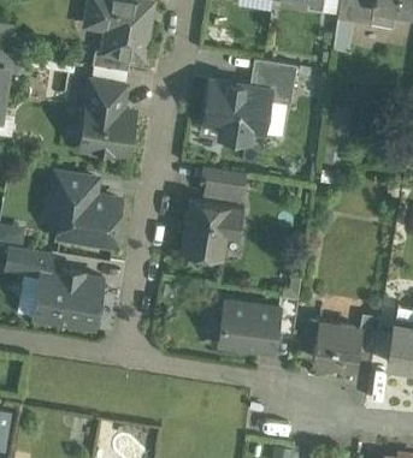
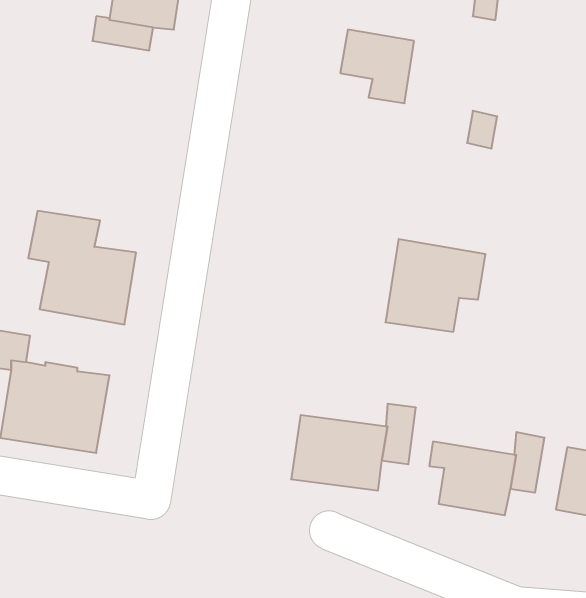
building: [79,81,135,157] -> none
building: [203,81,270,141] -> none
building: [200,167,244,202] -> none
building: [179,201,243,260] -> [385,239,486,332]

